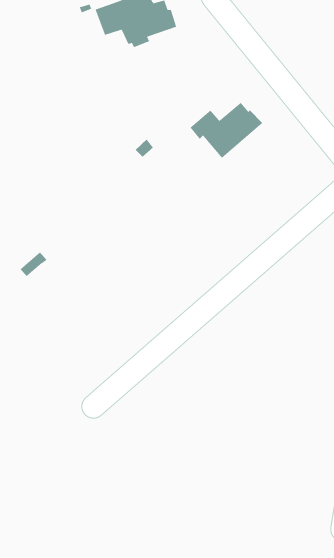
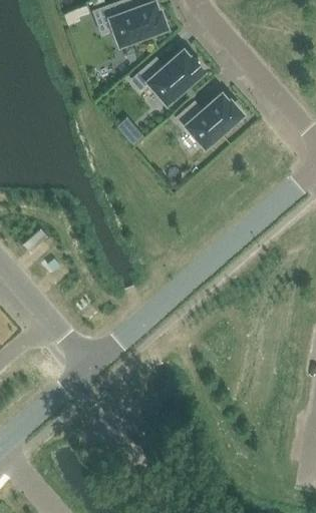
building: none -> [130,52,202,103]

